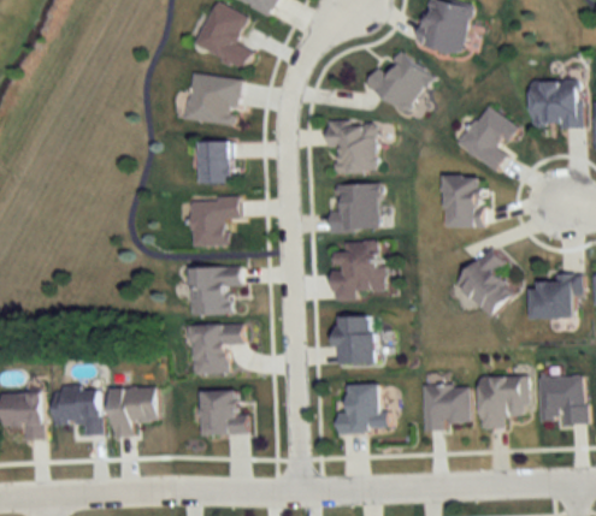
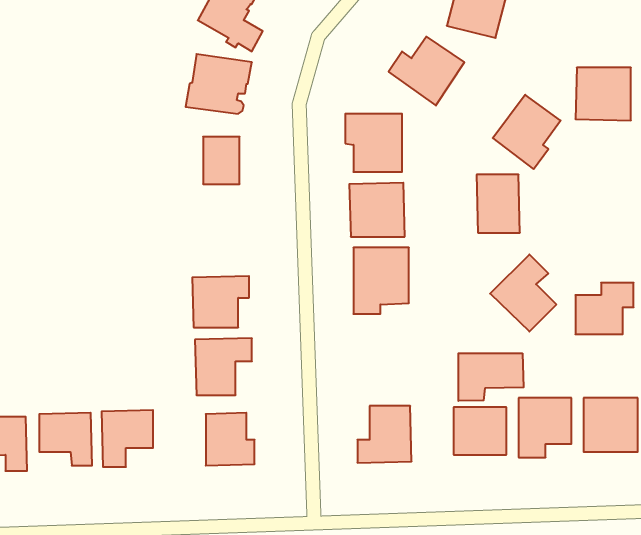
building: [189,198,238,247] -> none
building: [335,314,373,362] -> none
building: none -> [458,353,524,401]

